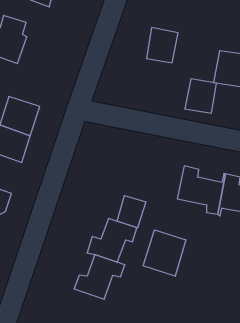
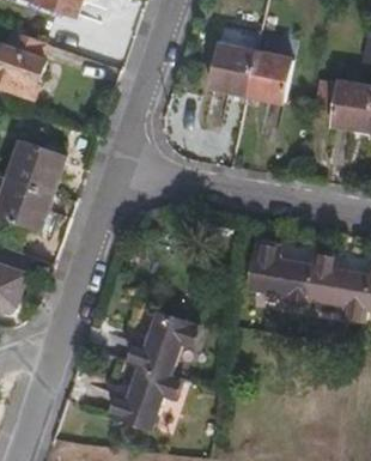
building: [185,79,217,113] -> [247,54,291,102]
building: [117,196,146,228] -> none
building: [143,230,186,276] -> none

